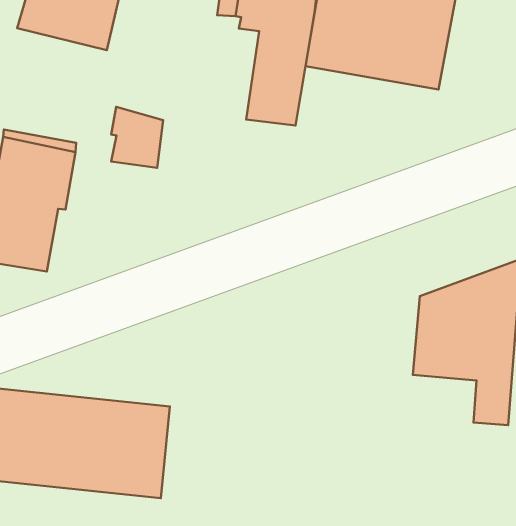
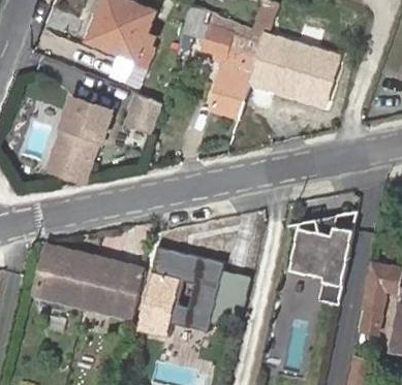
building: none -> [140,248,250,336]

